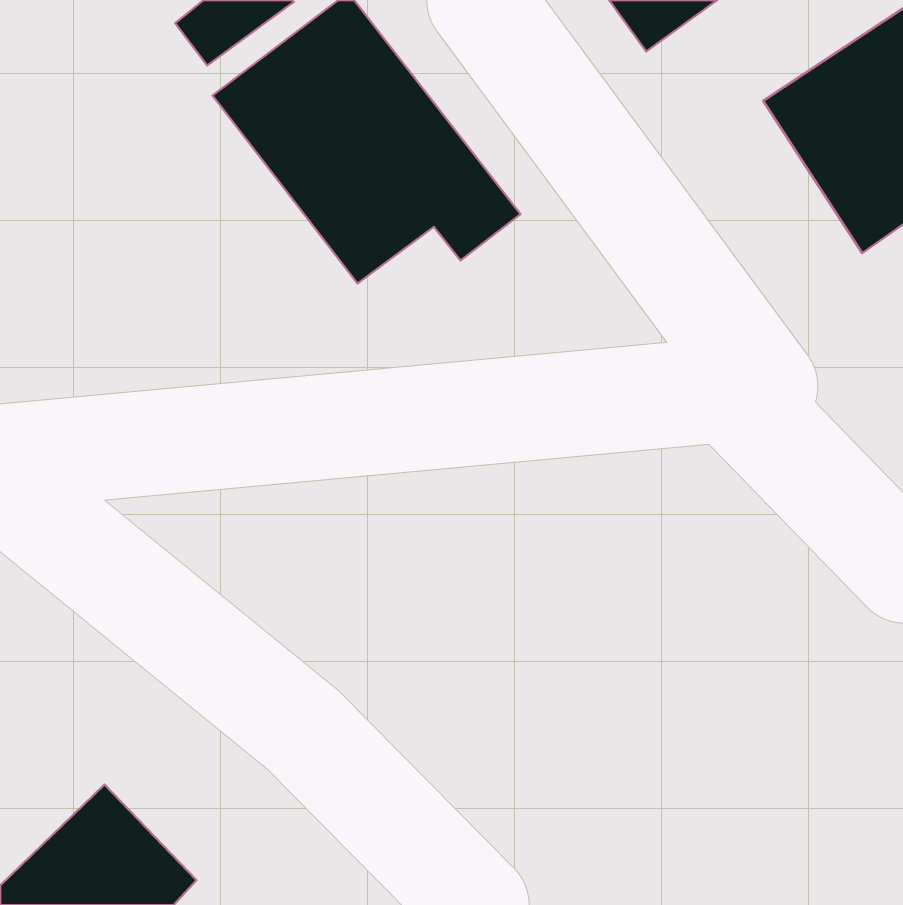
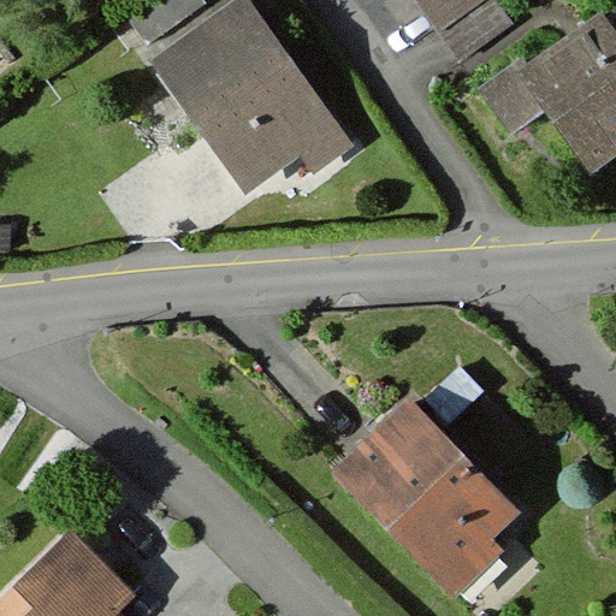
building: none -> [337,399,526,590]

